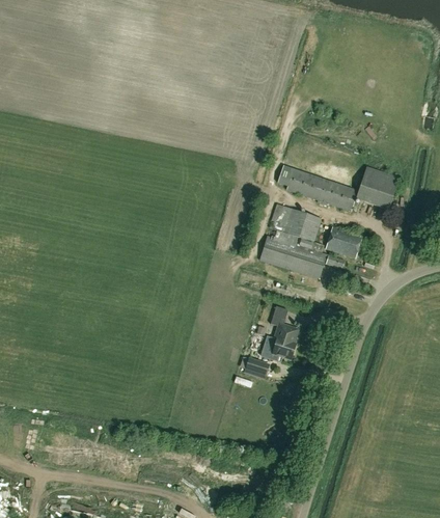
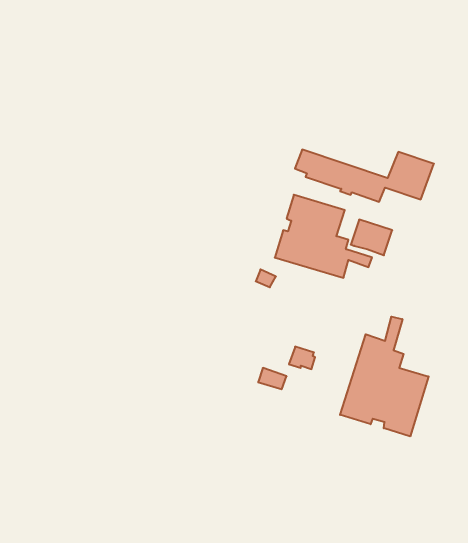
building: none -> [340,317,429,436]
building: [271,315,298,343] -> none

